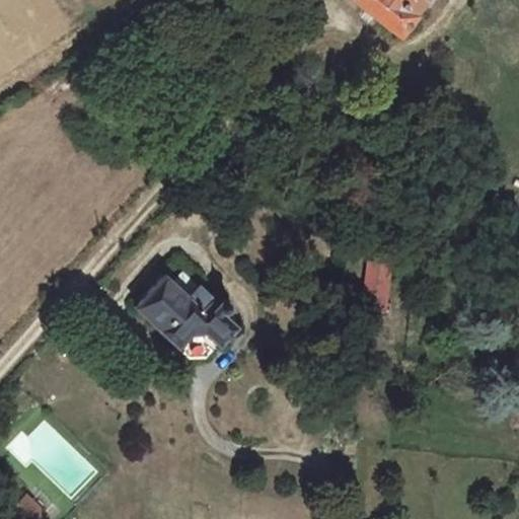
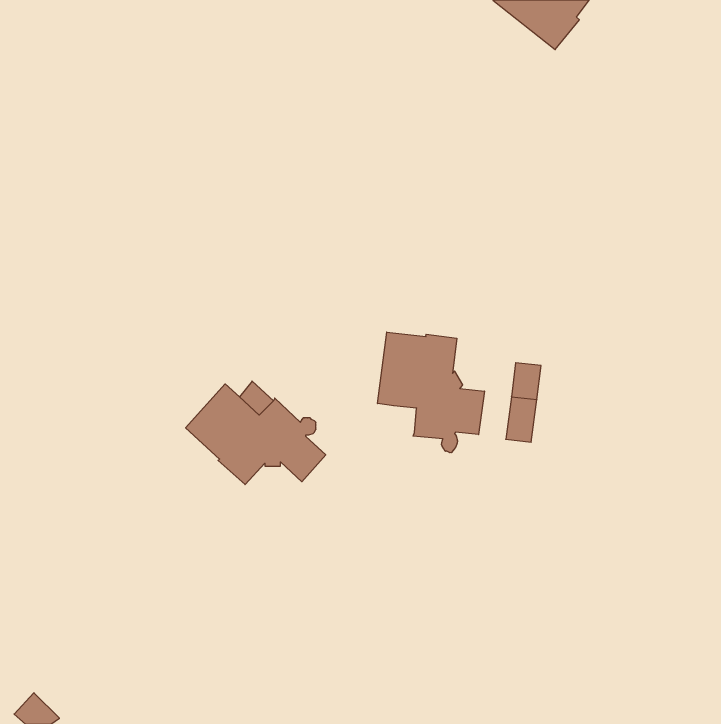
building: none -> [378,332,484,453]

